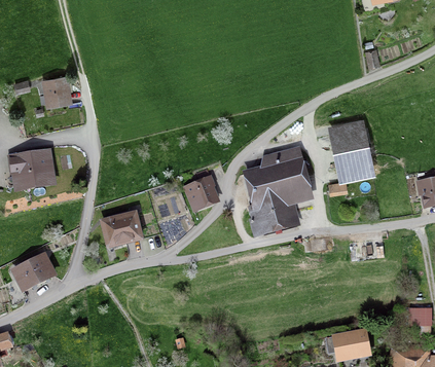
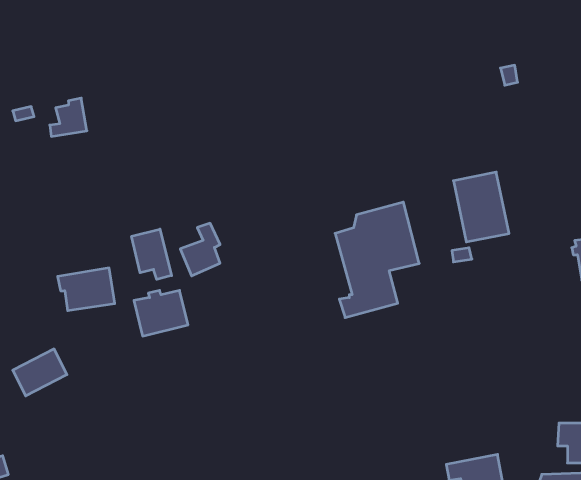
building: [10,154,51,185] -> [58,268,115,311]
building: none -> [132,229,172,279]
building: [185,171,214,209] -> [180,223,220,276]

